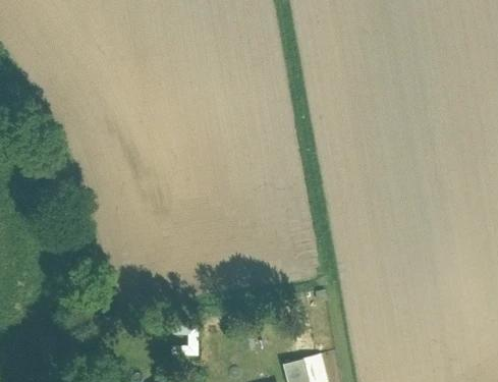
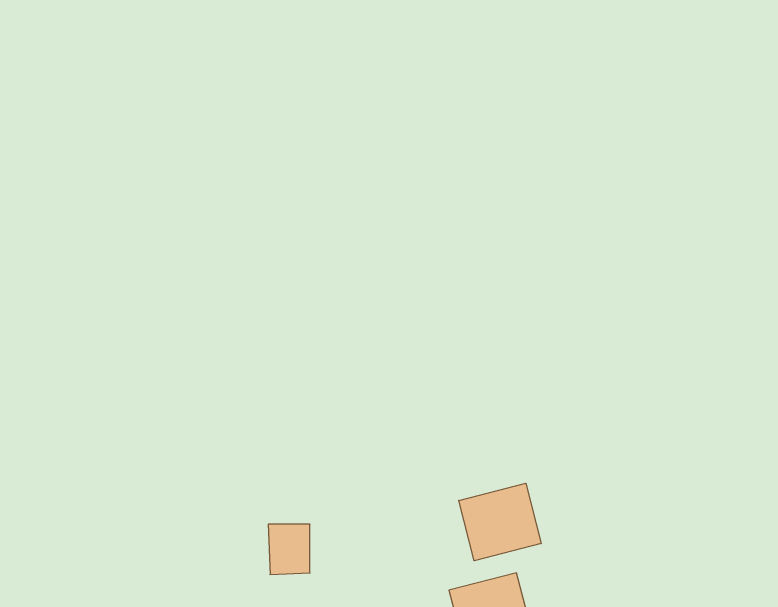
building: none -> [459,483,541,561]

